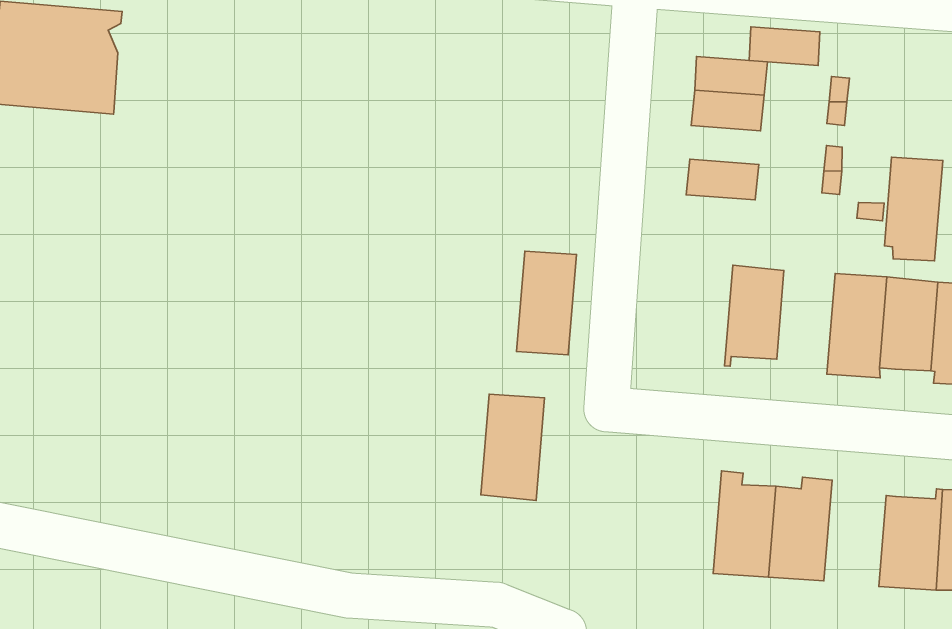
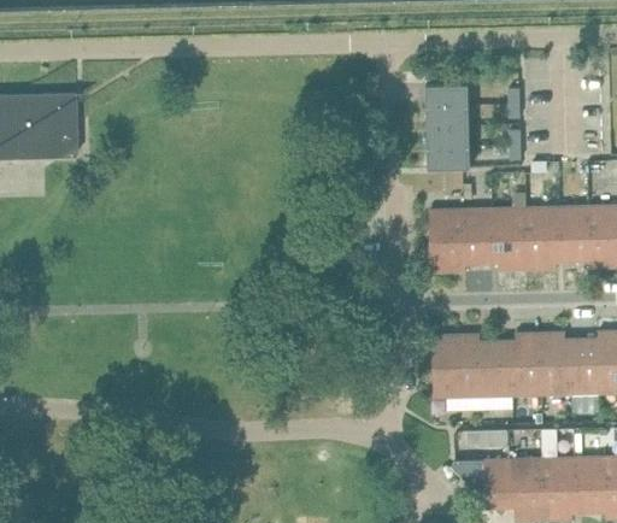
building: [749,27,820,66] -> [427,125,470,147]
building: [884,157,943,261] -> [492,207,524,270]
building: [517,251,576,355] -> [429,208,462,271]
building: [481,394,545,501] -> [433,334,468,396]
building: none -> [534,331,569,394]

